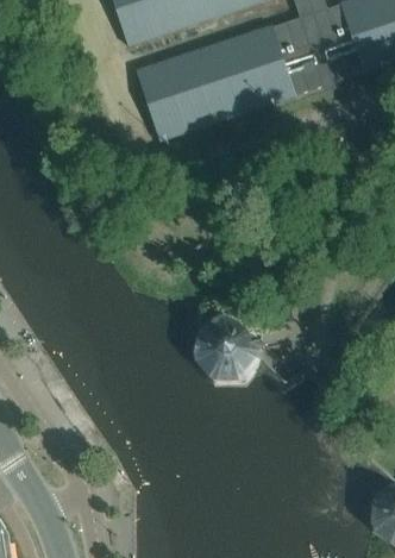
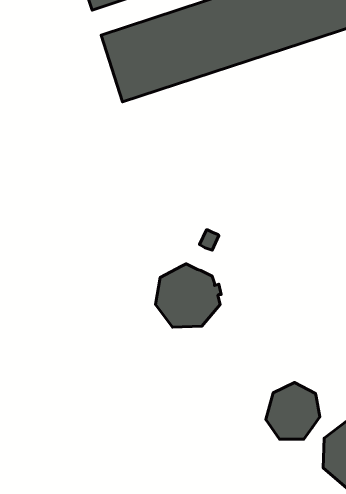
building: none -> [266,383,320,439]

